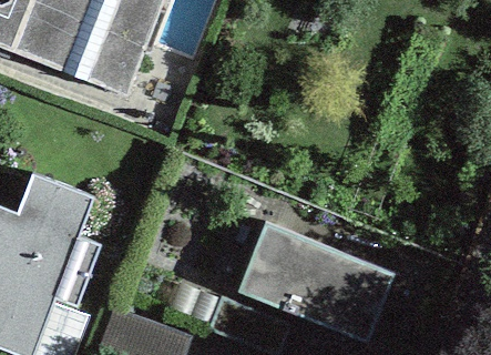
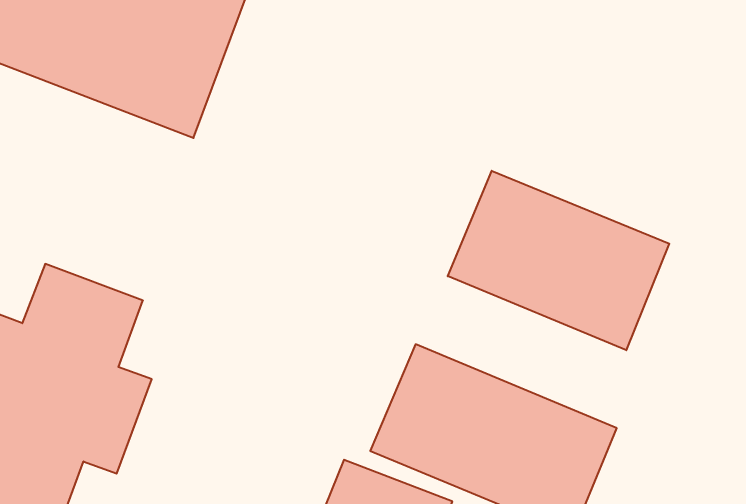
building: none -> [448,171,669,350]

